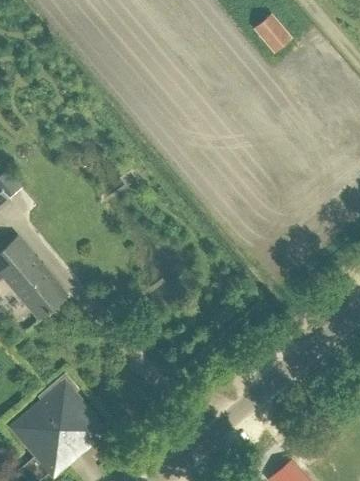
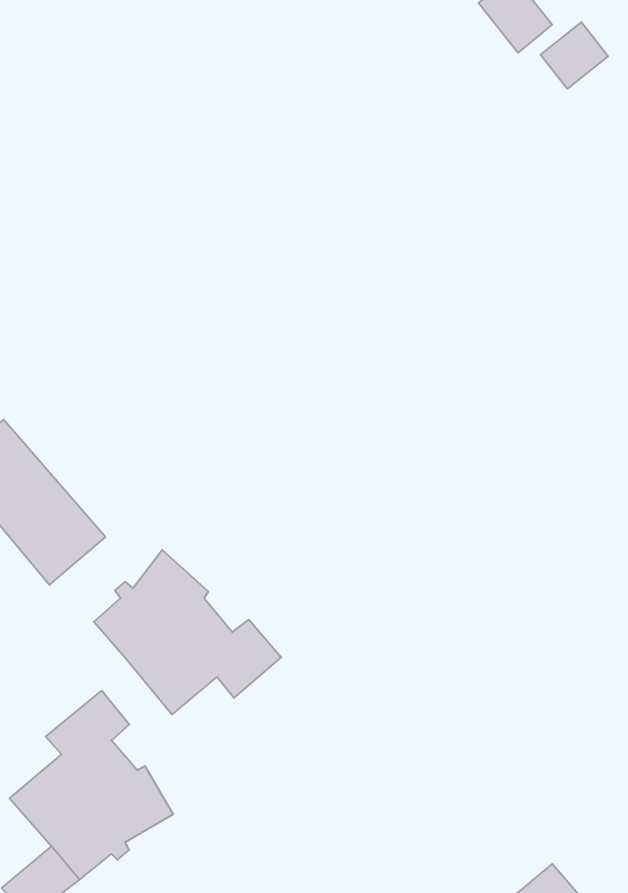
building: none -> [540,22,608,89]
building: none -> [94,550,281,714]

